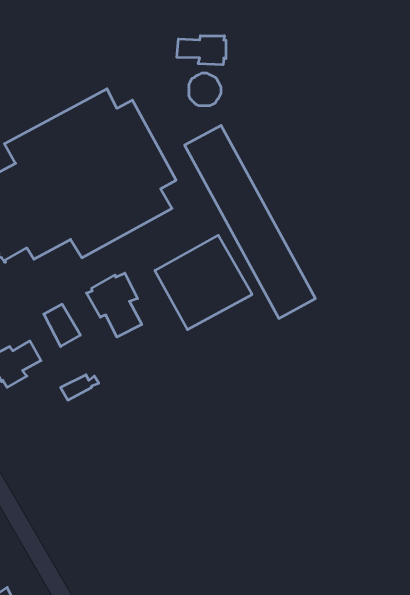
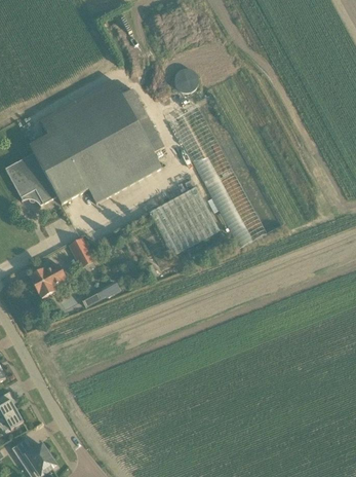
building: [177,36,226,65] -> none
building: [86,273,142,337] -> none

